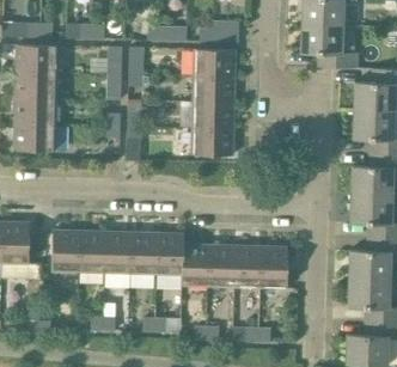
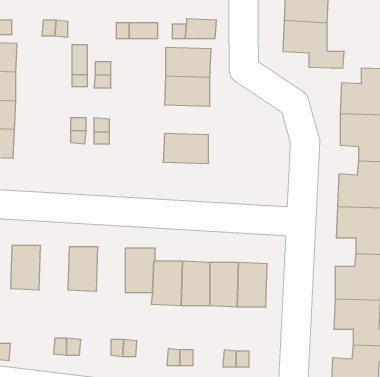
building: [191,102,233,129] -> none
building: [77,231,104,271] -> none
building: [129,232,155,274] -> none

